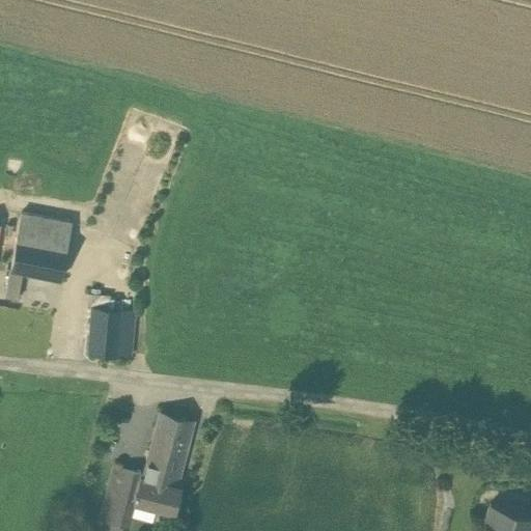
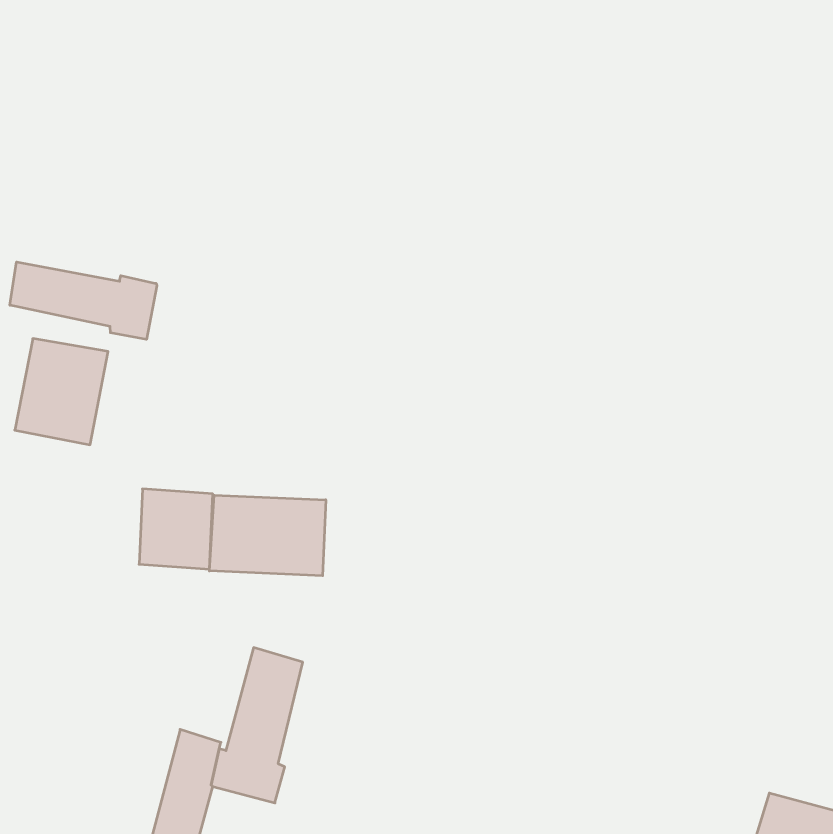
building: none -> [10,262,157,339]
building: none -> [209,495,326,576]

